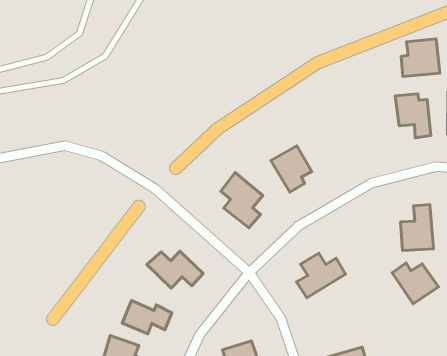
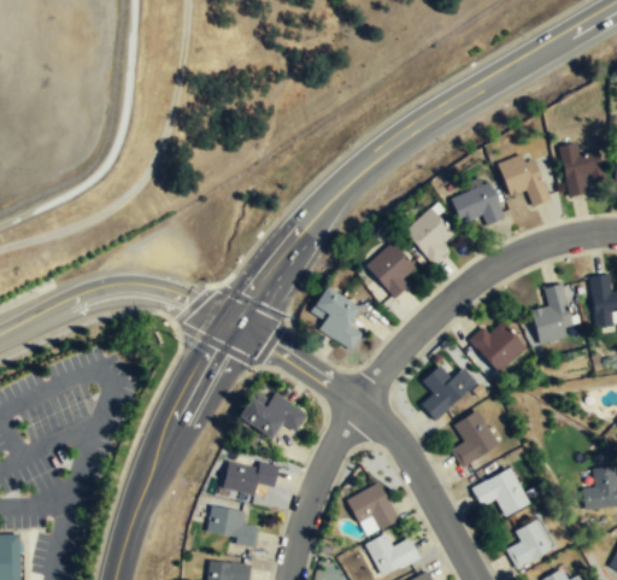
building: [401,39,440,76] -> none
building: none -> [452,181,505,224]
building: none -> [404,206,456,264]
building: [392,263,438,304] -> [469,323,527,373]
building: none -> [452,410,500,468]

